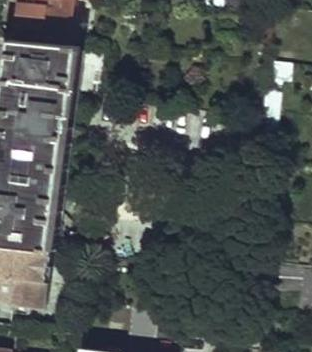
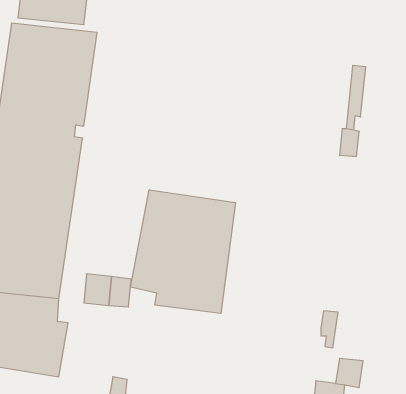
building: none -> [131,190,235,313]

